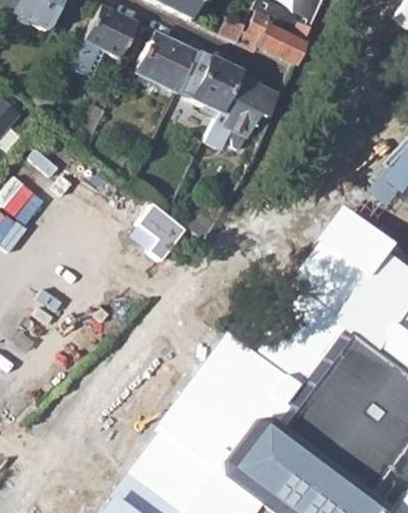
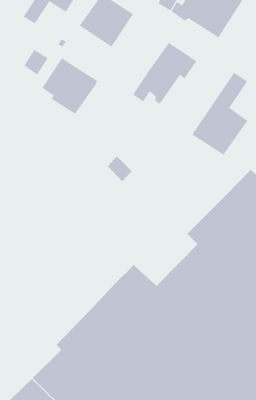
building: [176,50,239,112] -> [41,57,98,115]
building: none -> [191,72,248,156]
building: [138,205,184,261] -> none

